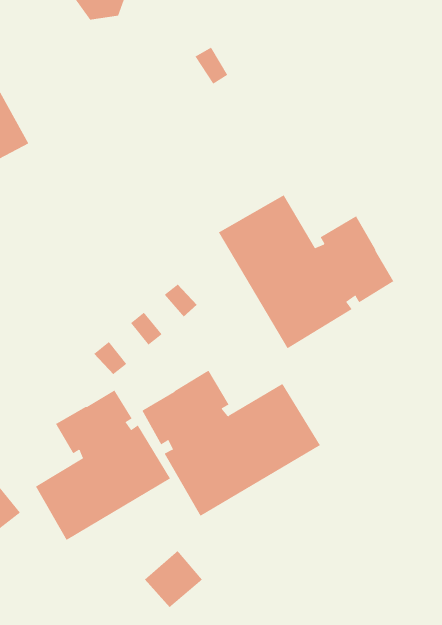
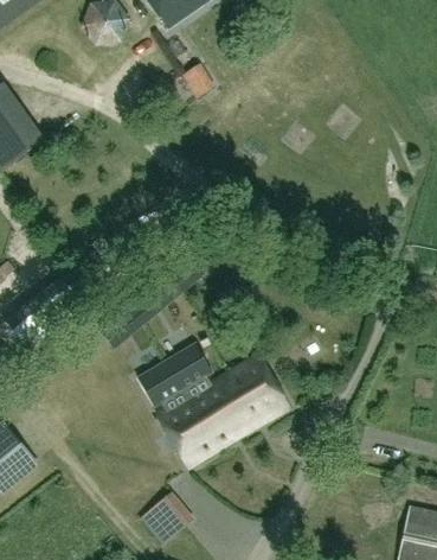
building: [218,195,395,349] -> none
building: [35,389,171,541] -> none

